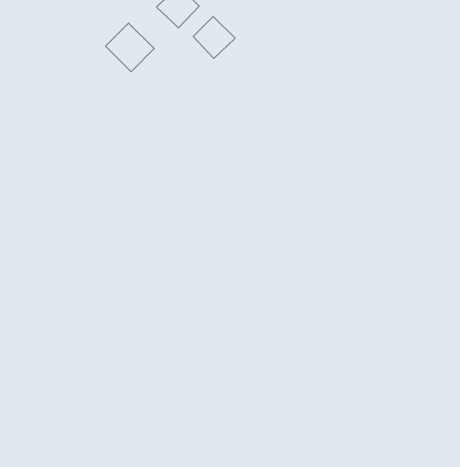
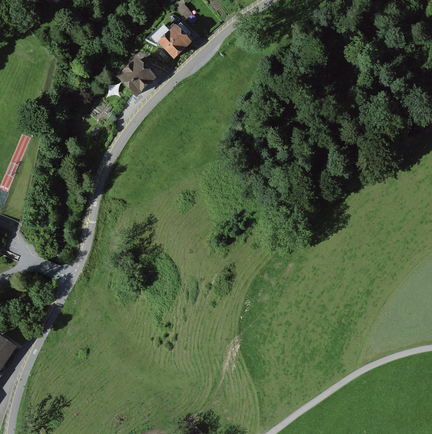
building: [193,16,235,58] -> none

